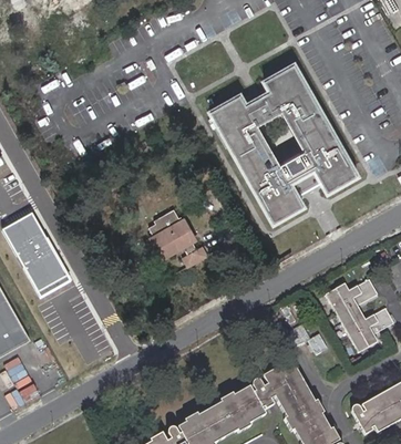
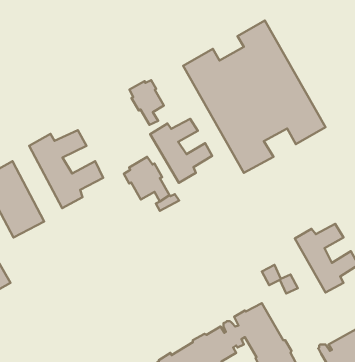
building: none -> [129,80,164,125]
building: none -> [150,119,212,183]
building: none -> [29,130,103,208]

